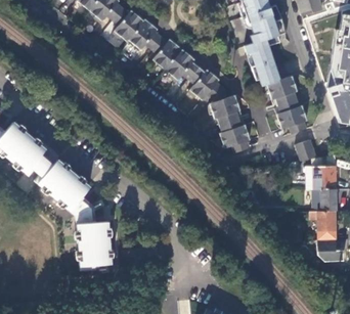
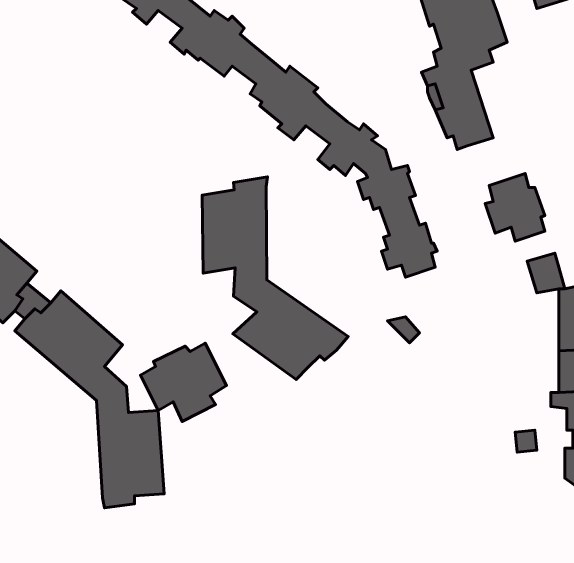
building: [266,77,297,105] -> none
building: none -> [202,177,348,380]
building: none -> [140,343,227,421]

